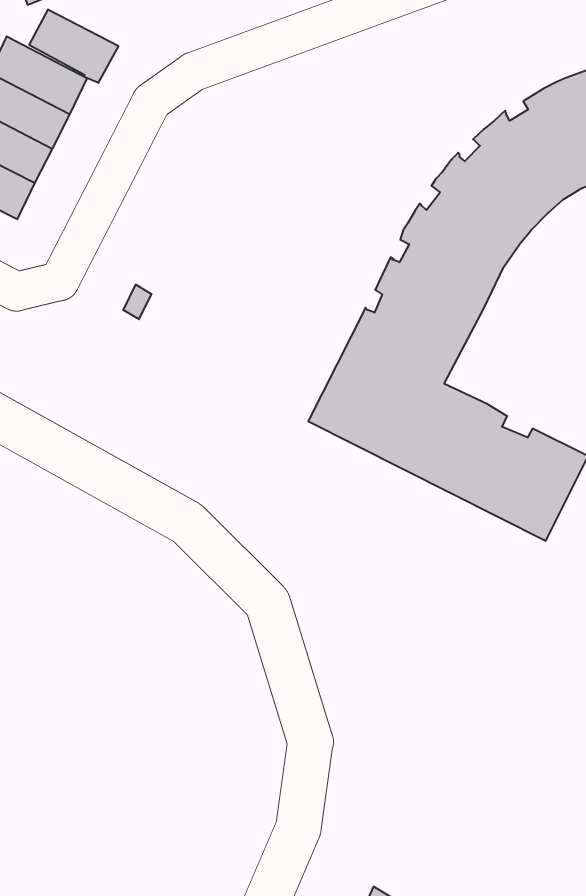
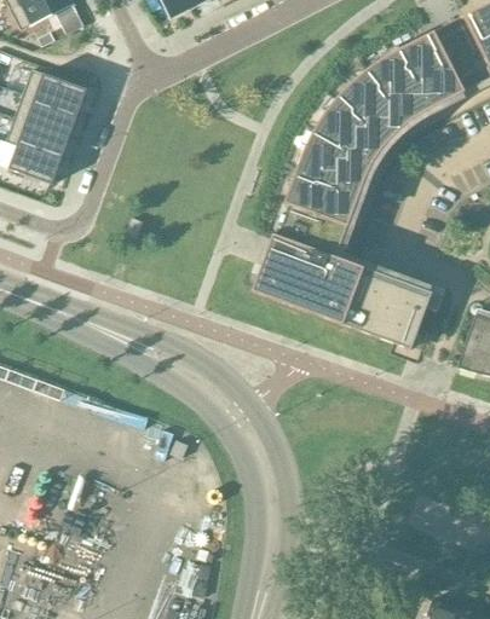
building: [29,9,118,83] -> none

